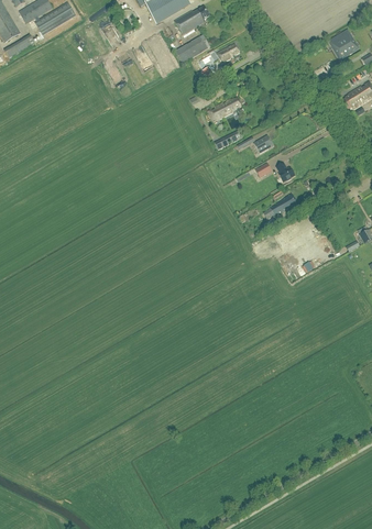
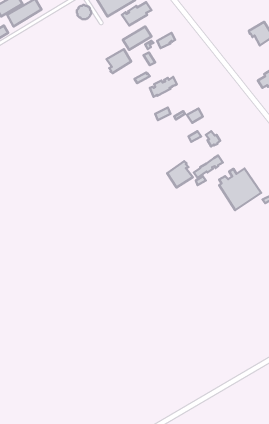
building: none -> [106,49,131,73]
building: none -> [167,161,193,187]
building: none -> [219,169,261,210]

